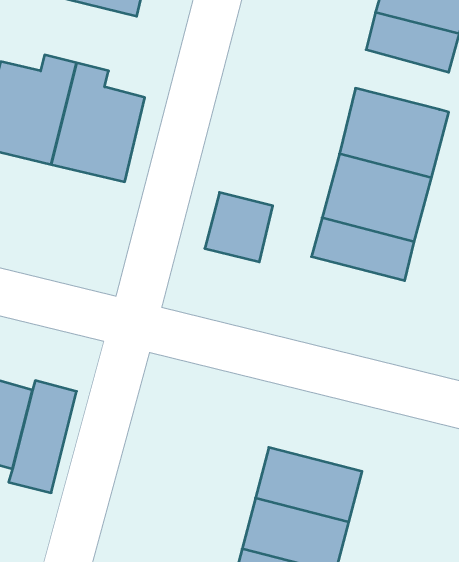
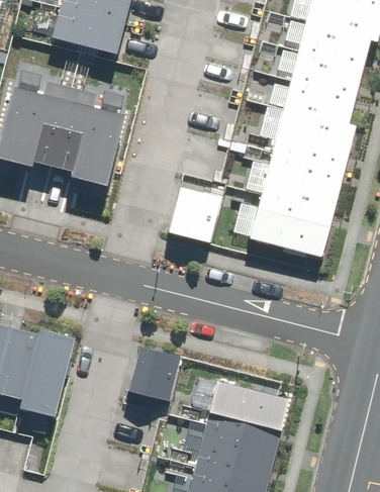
building: none -> [283,80,354,125]
building: none -> [129,353,177,399]

